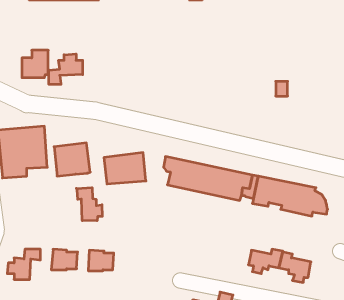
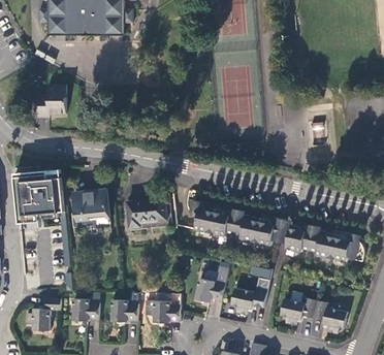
building: [49,54,83,84] -> none
building: [76,188,102,221] -> none
building: none -> [195,261,229,302]
building: none -> [231,278,269,315]
building: none -> [146,300,180,322]

